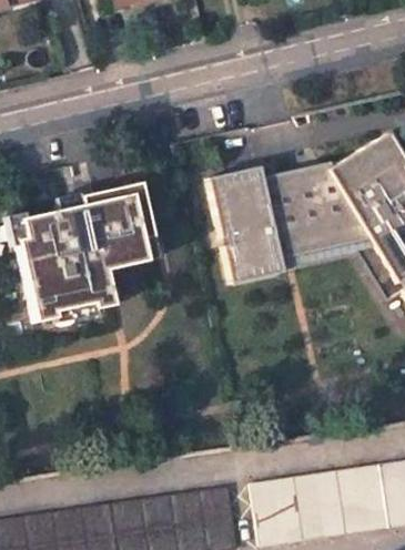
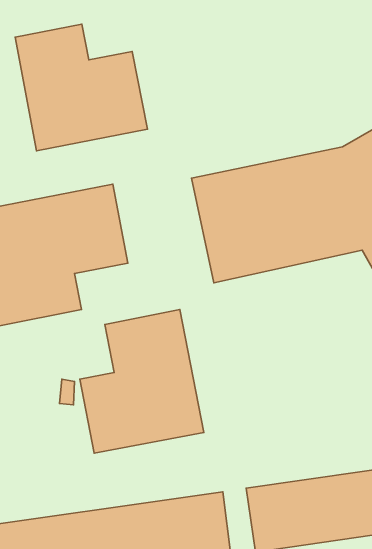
building: none -> [15,24,148,151]
building: none -> [80,310,204,453]

